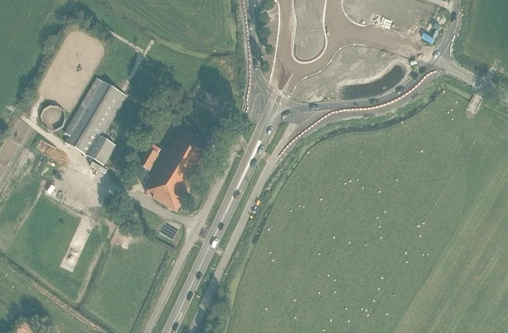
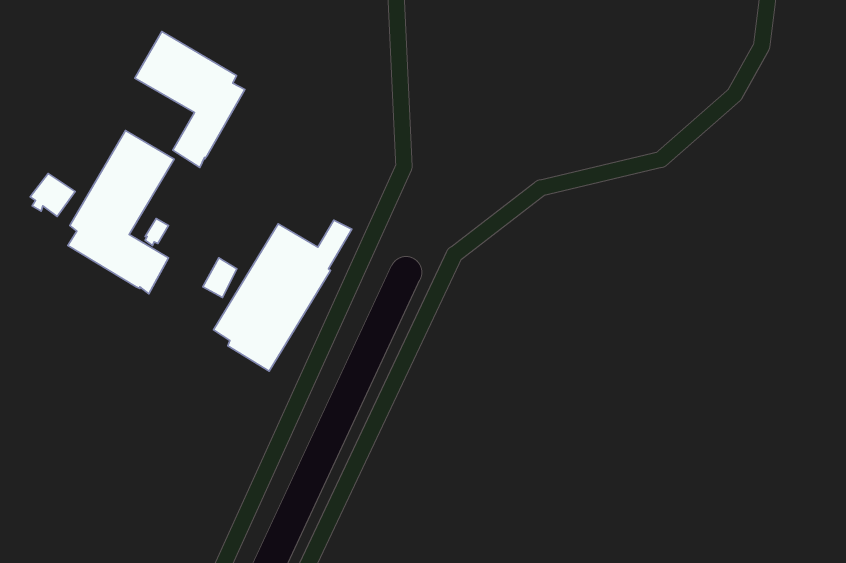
building: none -> [135,32,245,167]

